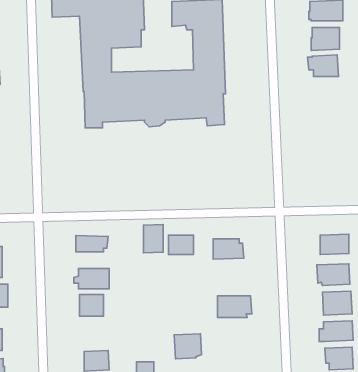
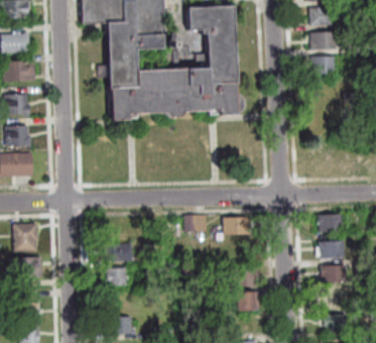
building: [144,224,163,253] -> none
building: [76,236,108,252] -> none
building: [174,334,202,359] -> [235,291,259,313]

